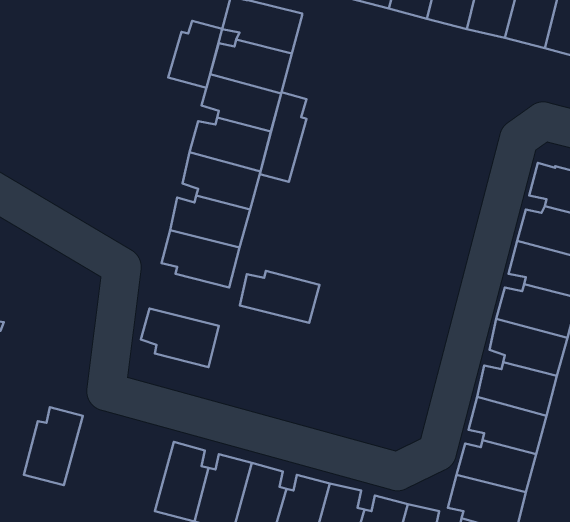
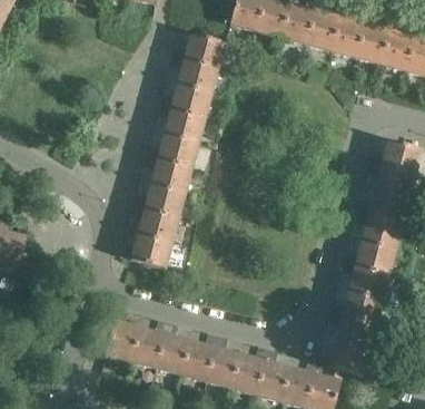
building: [168,21,222,88] -> none
building: [260,92,307,182] -> none
building: [240,271,320,323] -> [129,210,180,243]
building: [24,407,83,485] -> [107,312,145,362]

